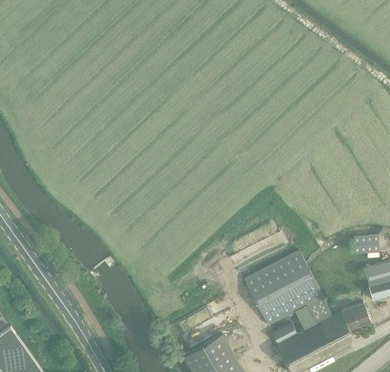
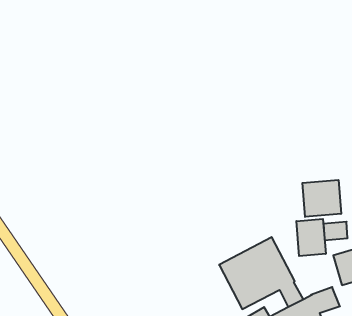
building: none -> [302,180,341,217]
building: none -> [296,219,326,256]

